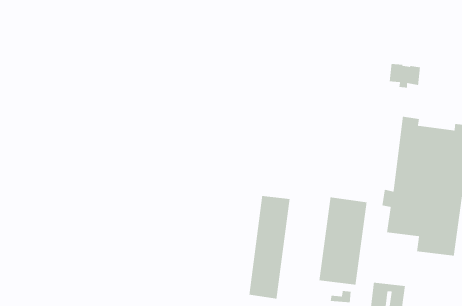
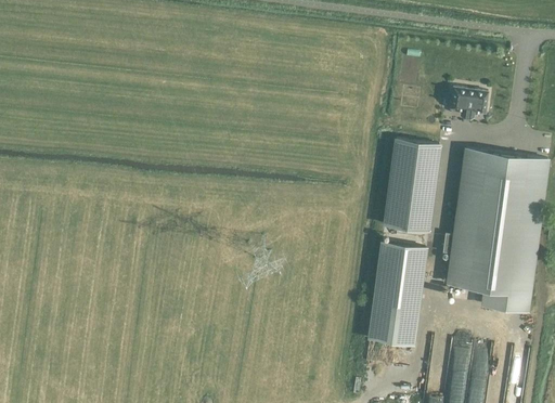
building: none -> [385,140,439,232]
building: [248,195,291,299] -> none

